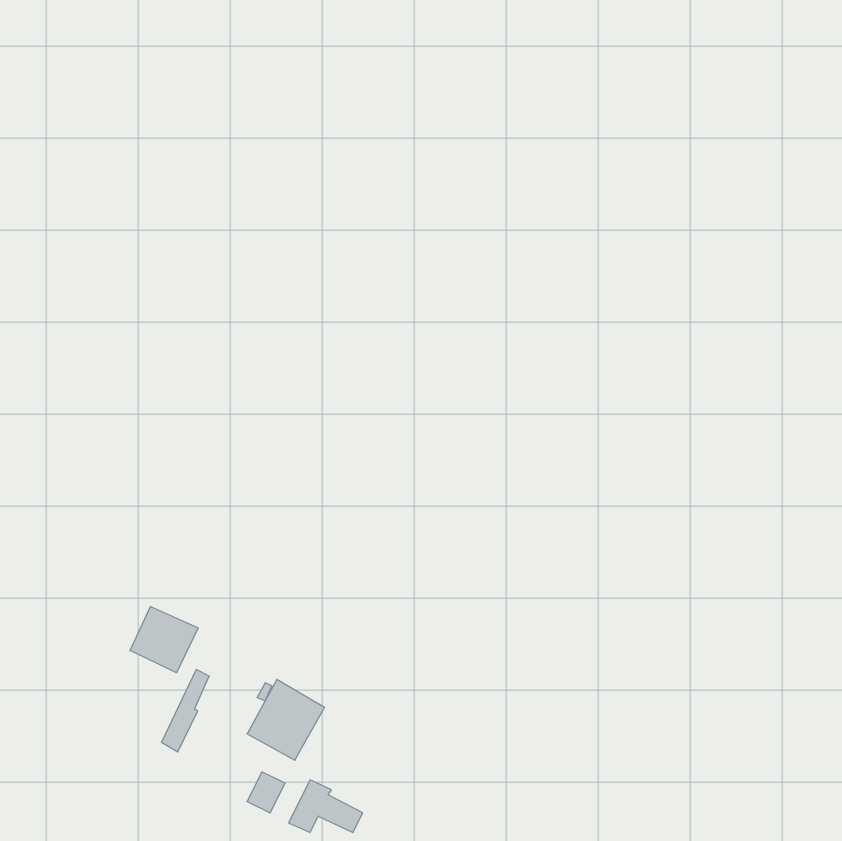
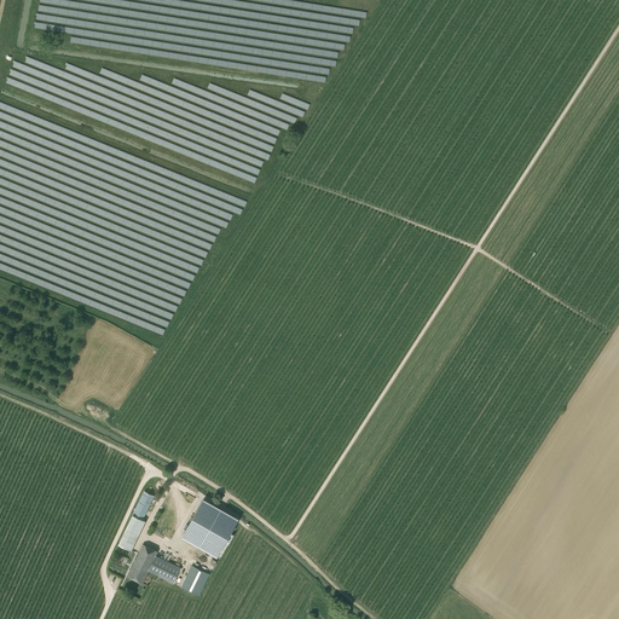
building: [130,606,198,673] -> none
building: [289,780,363,833] -> [127,545,181,584]

